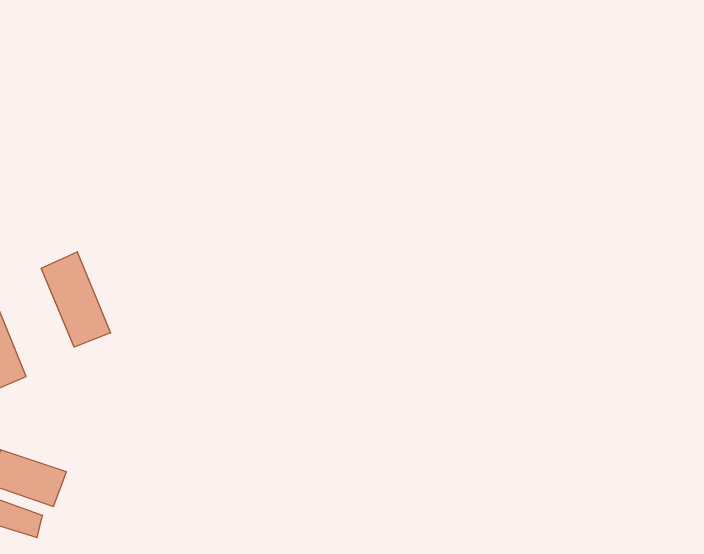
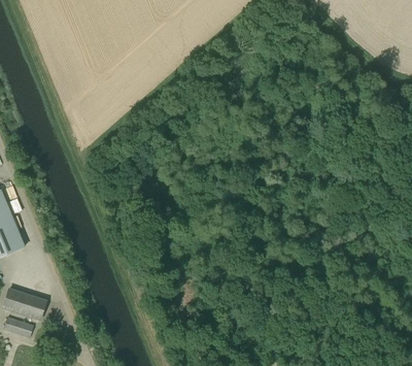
building: [41,252,111,347] -> none

